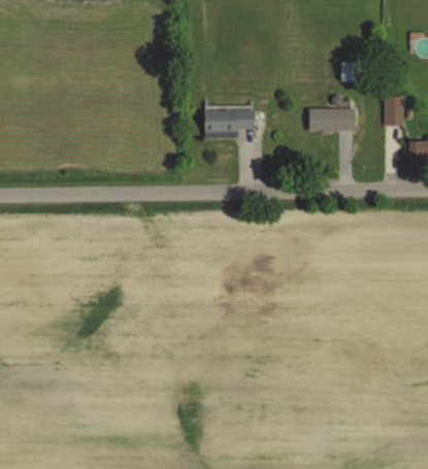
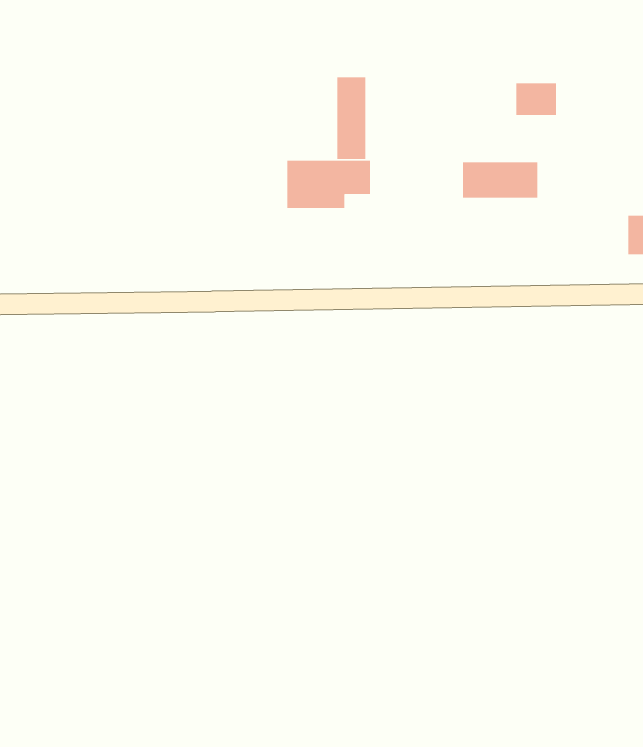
building: none -> [337,76,366,160]
building: [385,95,403,125] -> none

